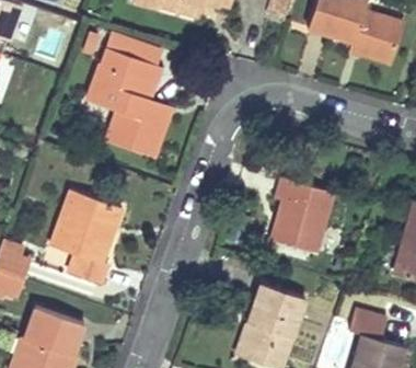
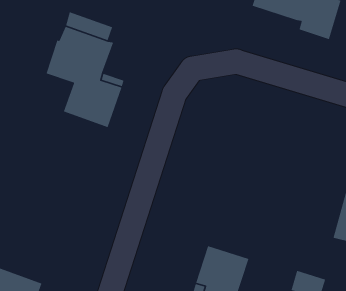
building: [271,177,333,253] -> none
building: [50,189,123,284] -> none

